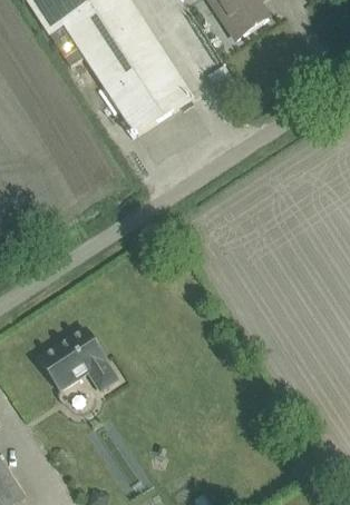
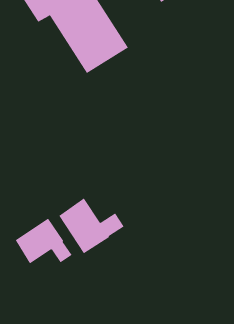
building: none -> [58,198,124,254]

